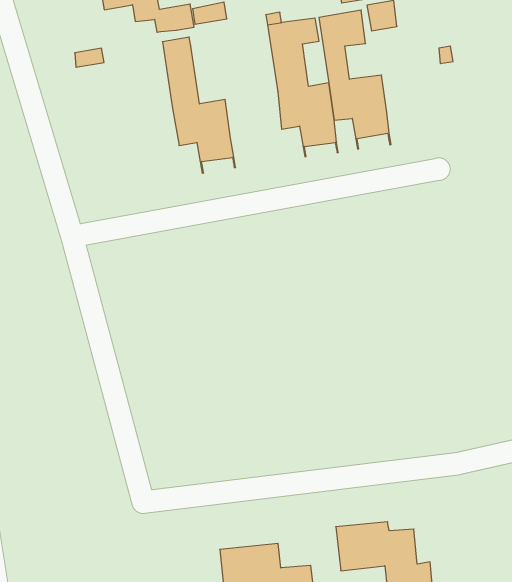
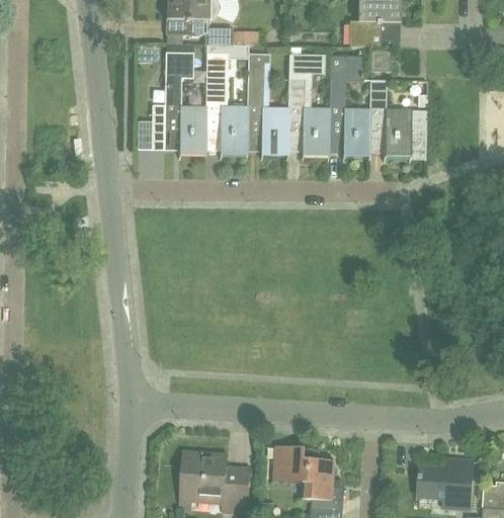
building: none -> [246,55,288,161]
building: none -> [369,81,426,163]
building: none -> [151,53,205,159]

